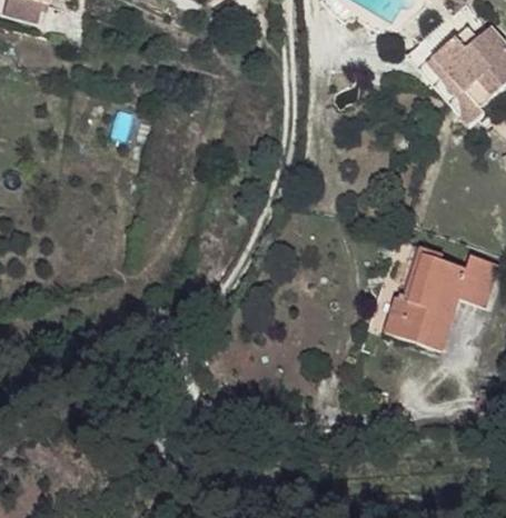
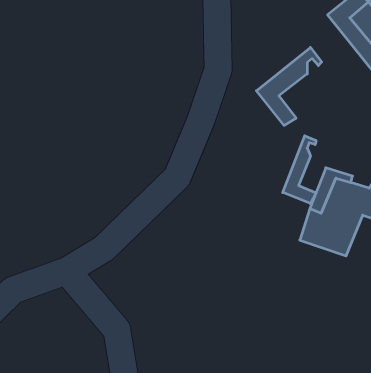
building: none -> [256,47,322,125]
building: none -> [283,136,316,204]

